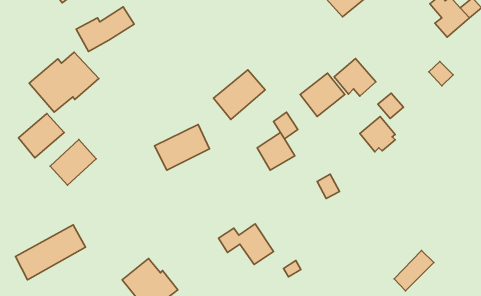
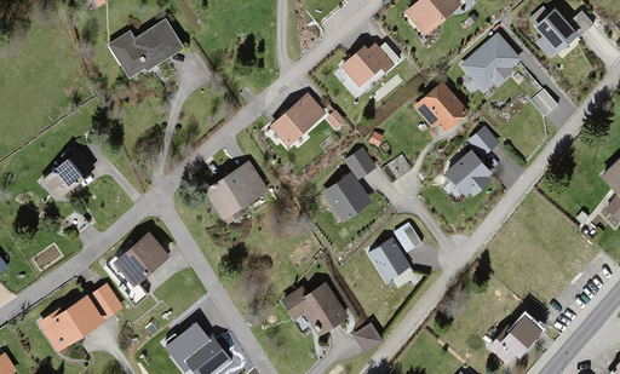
building: none -> [457,29,521,92]
building: [29,52,99,112] -> none
building: [300,73,345,117] -> [348,38,401,90]
building: [50,140,96,185] -> [110,231,165,286]
building: none -> [367,237,412,284]

